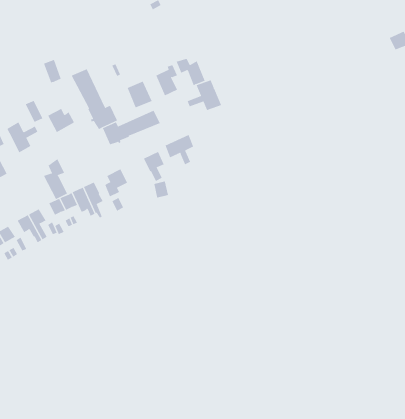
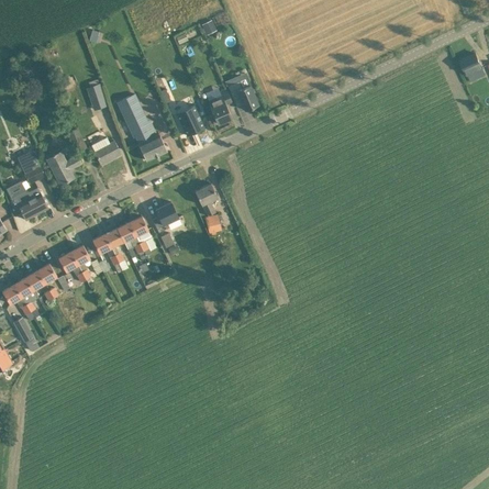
building: [187,80,222,111] -> none
building: [102,110,161,145] -> none
building: [165,134,194,165] -> none
building: [43,158,68,200] -> none

